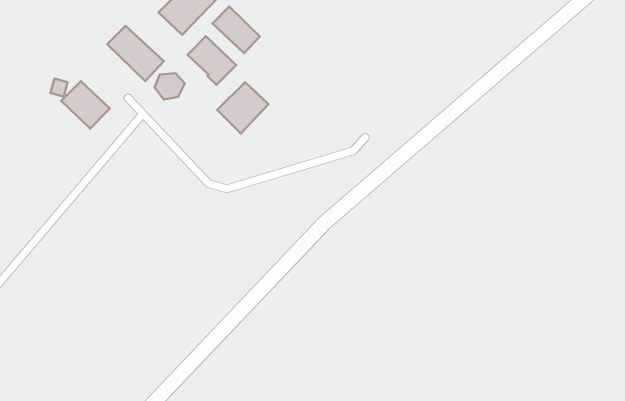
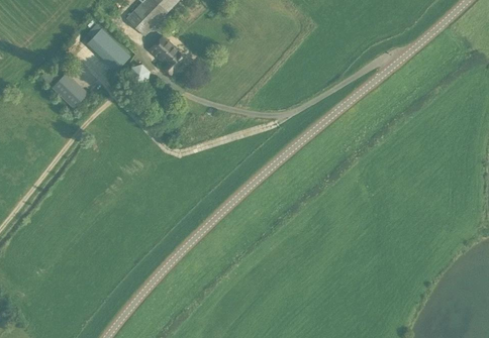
building: [213,7,260,53] -> none
building: [217,82,268,133] -> none

